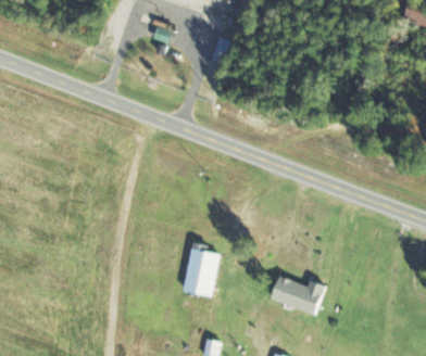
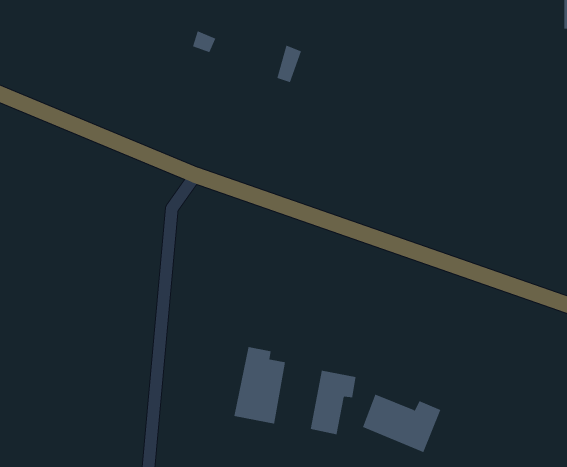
building: none -> [310,370,356,435]

